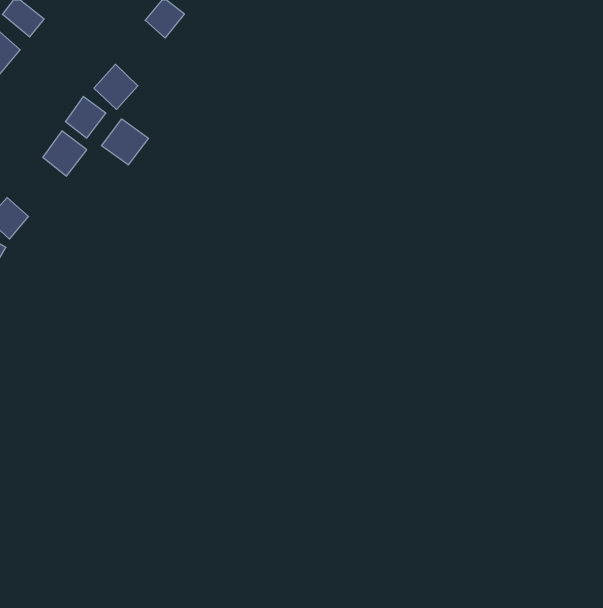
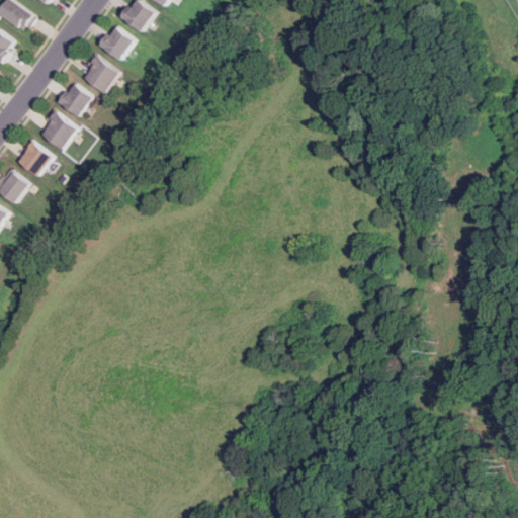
building: none -> [100,25,135,61]
building: [102,119,149,165] -> none
building: none -> [13,141,49,176]

